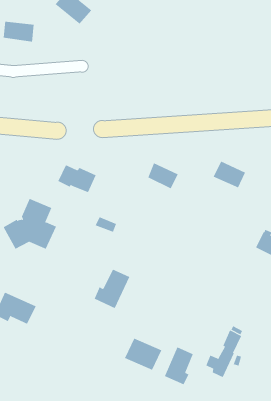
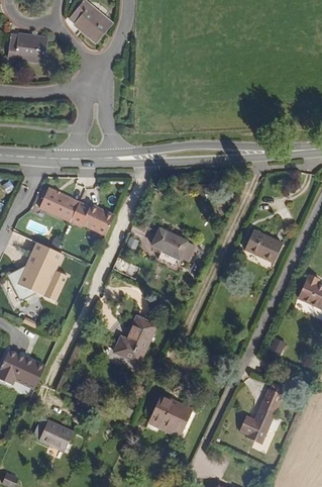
building: none -> [40,185,81,219]
building: [213,161,246,188] -> [242,230,280,262]
building: [147,163,178,189] -> [152,222,188,253]
building: [164,346,194,385] -> none
building: none -> [31,418,71,452]

